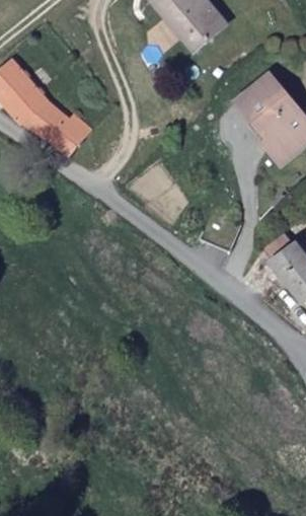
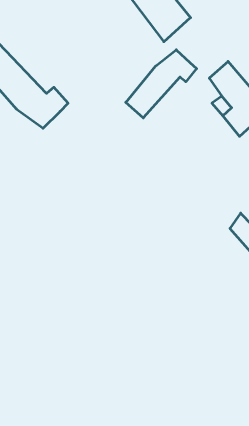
building: none -> [126,50,197,118]

